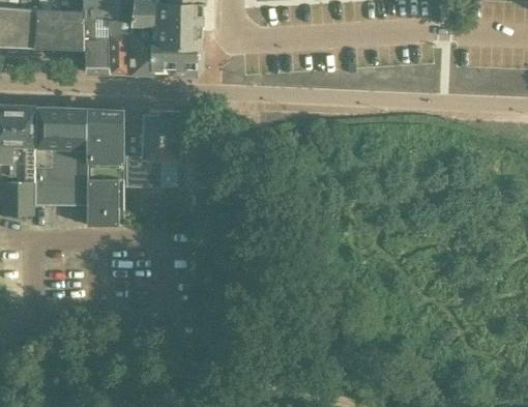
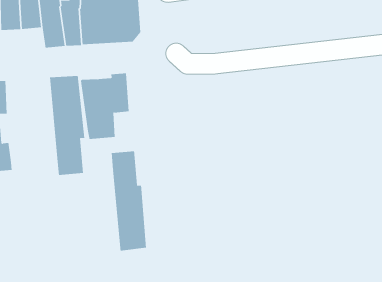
building: [29,108,80,205] -> none
building: none -> [111,150,147,252]

